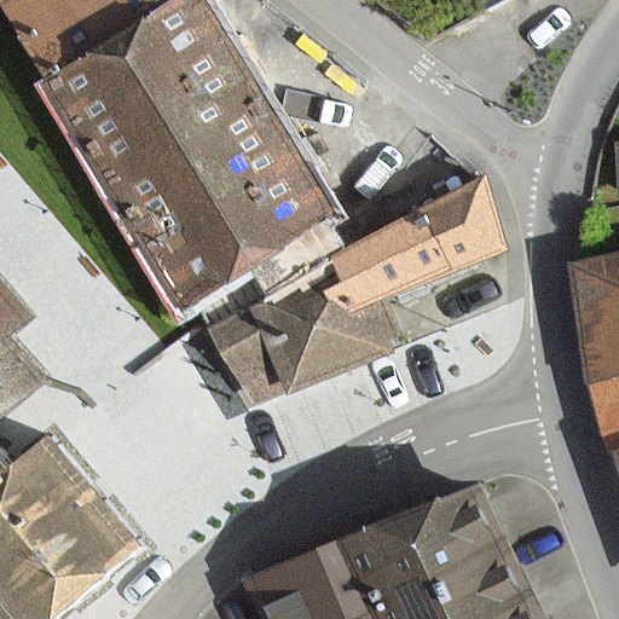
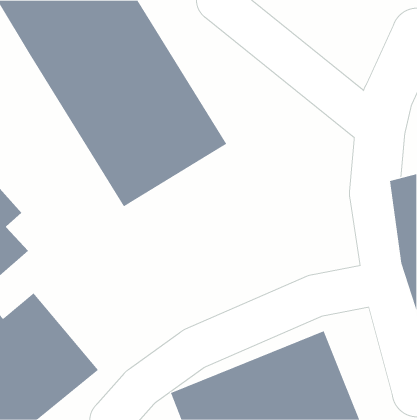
building: [210,180,498,404] -> none

